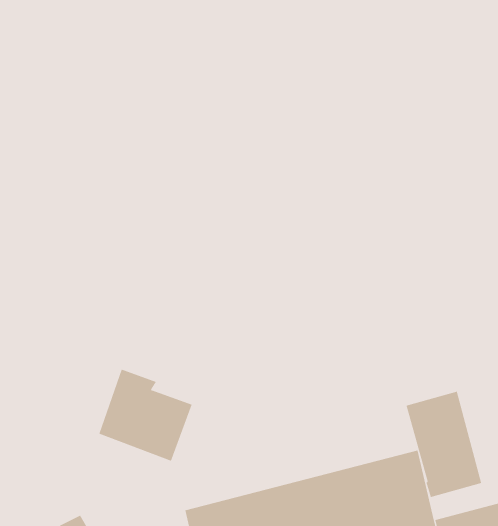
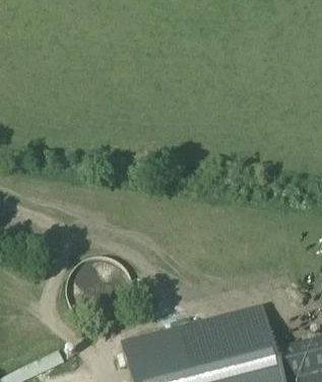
building: [406,391,482,498] -> none

